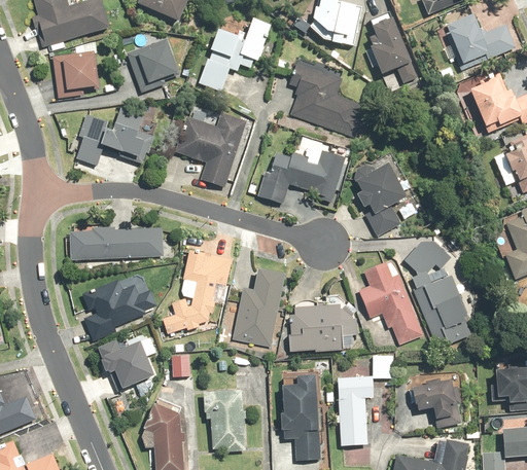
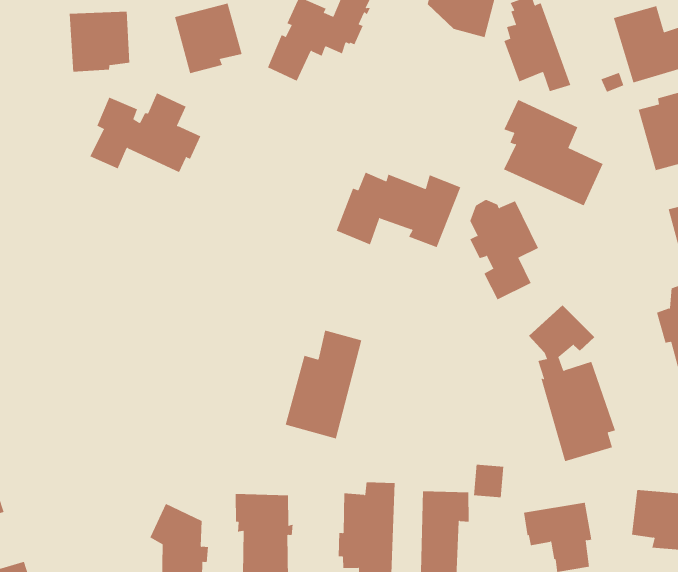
building: [289,62,363,135] -> [503,99,604,206]
building: [175,112,248,187] -> none
building: [70,225,165,259] -> none
building: [164,249,233,333] -> none
building: [358,260,424,345] -> none
building: [82,278,159,340] -> none
building: [288,300,358,351] -> none
building: [98,336,157,388] -> none
building: [173,354,191,376] -> none

